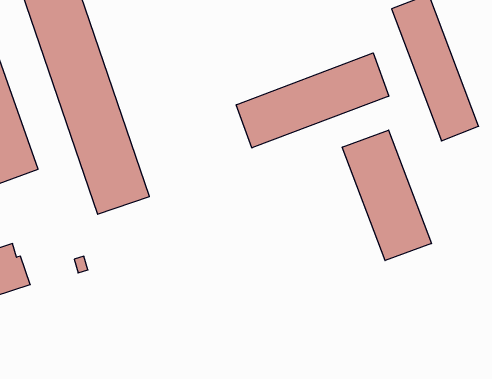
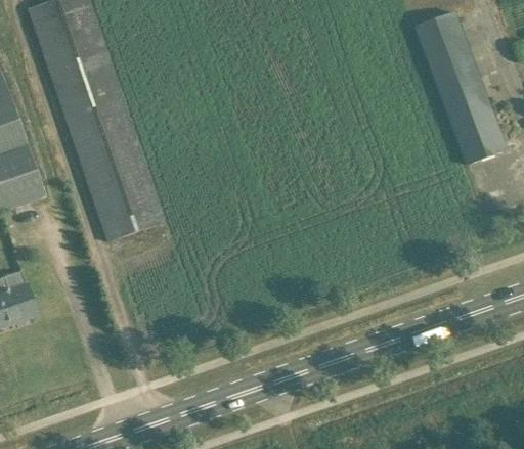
building: [236,53,389,148] -> none
building: [342,130,431,261] -> none

